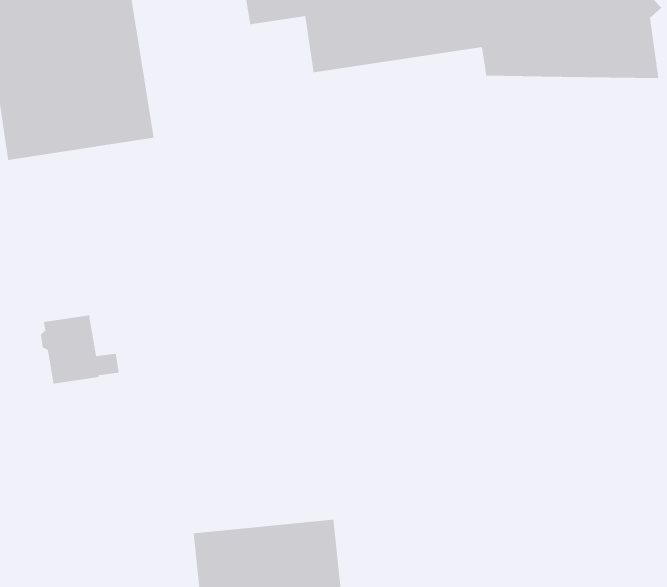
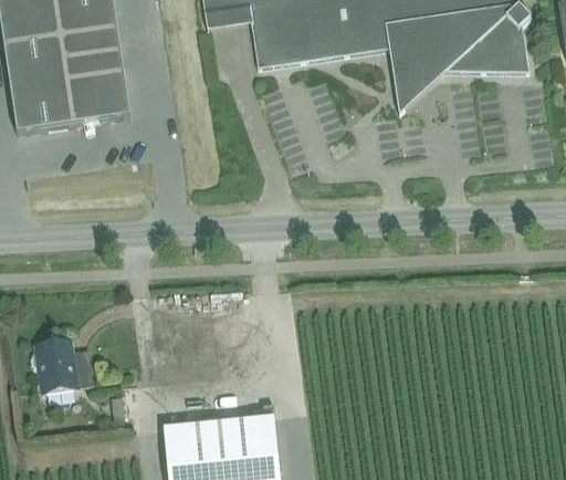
building: none -> [391,69,450,115]
building: [40,315,119,384] -> [31,338,93,393]

